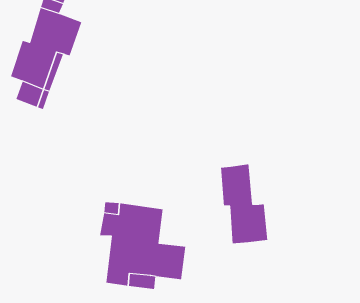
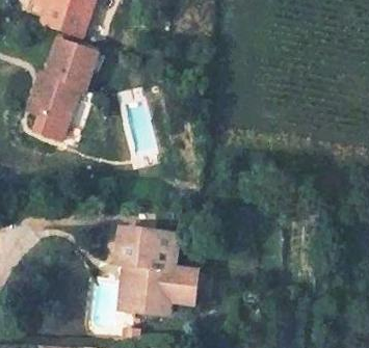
building: [220,164,268,244] -> none

